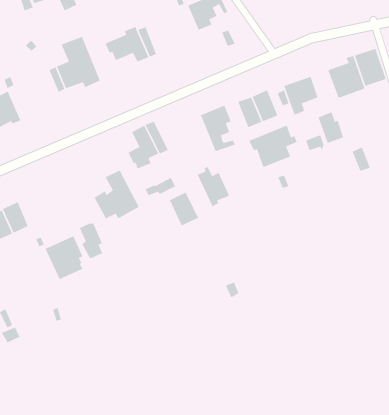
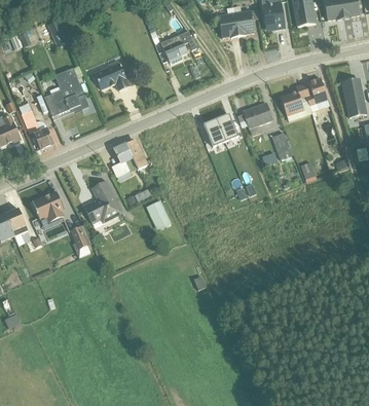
building: none -> [21,109,52,148]
building: [200,105,236,152] -> none
building: [248,124,298,168] -> none
building: [196,166,230,208] -> none
building: [44,235,83,280] -> [32,191,65,229]

